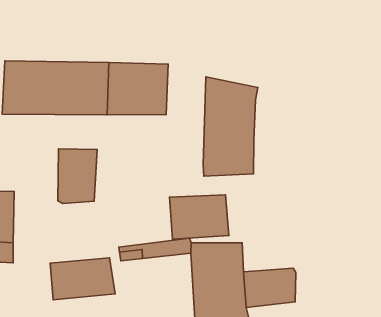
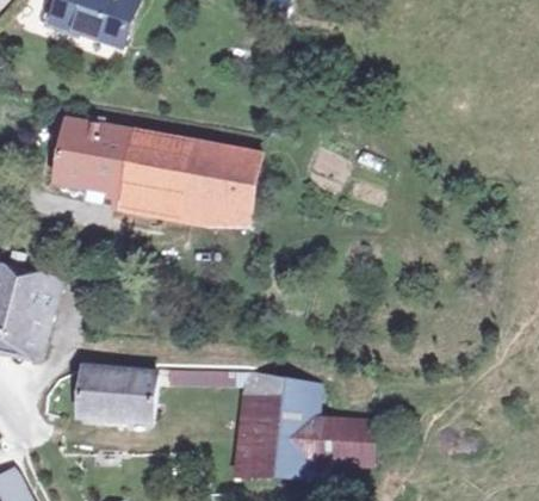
building: [203,77,258,176] -> none
building: [58,149,97,203] -> none
building: [169,195,229,239] -> none

